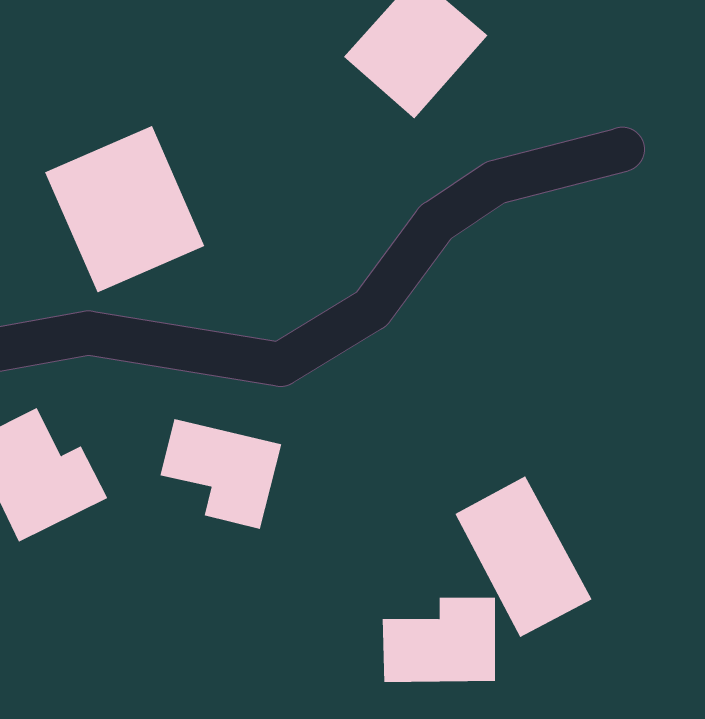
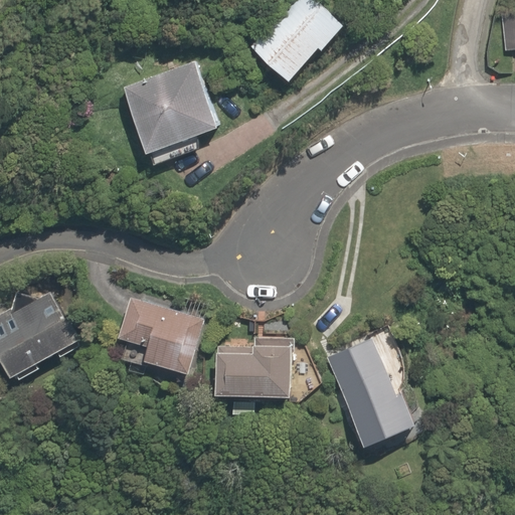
building: [44,125,205,293] -> [111,46,224,165]
building: [382,597,496,683] -> [214,336,295,396]

